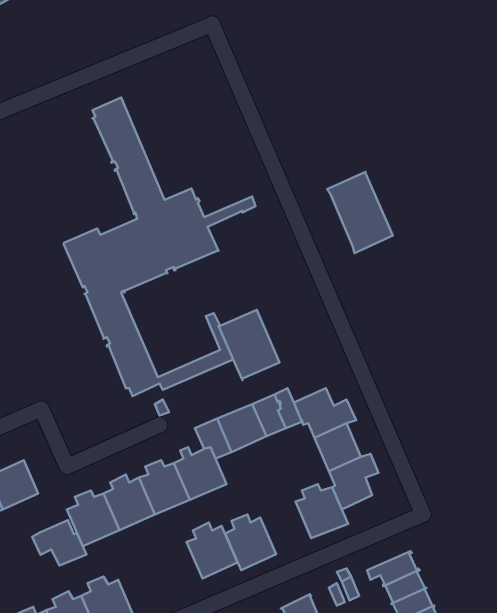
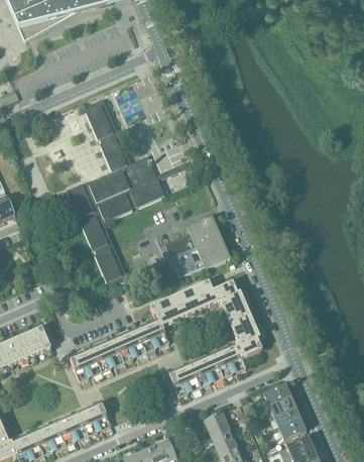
building: [327,172,393,253] -> [187,216,228,267]
building: [32,520,87,565] -> none
building: [187,523,238,578] -> [191,349,223,384]

